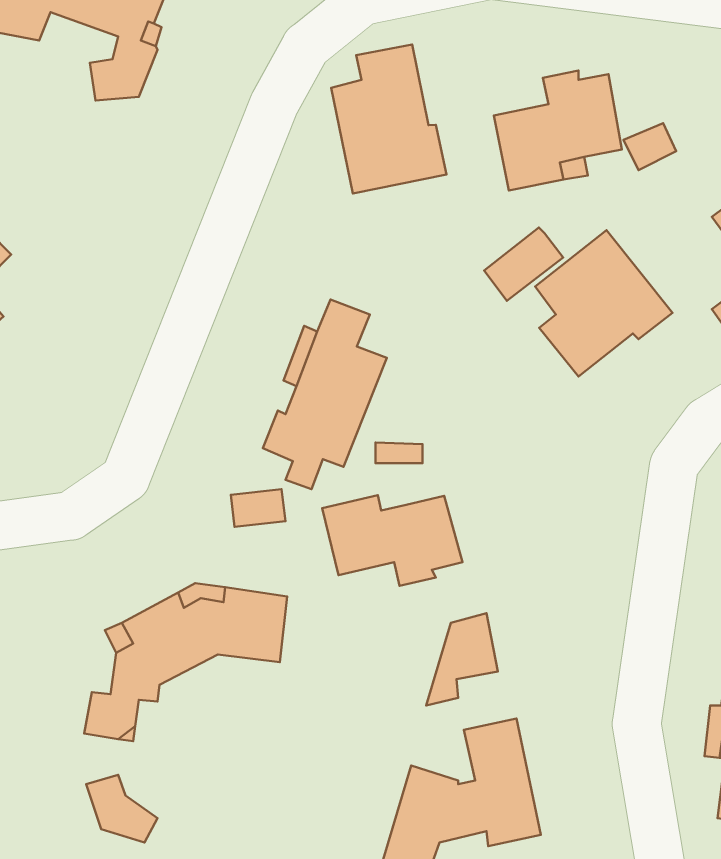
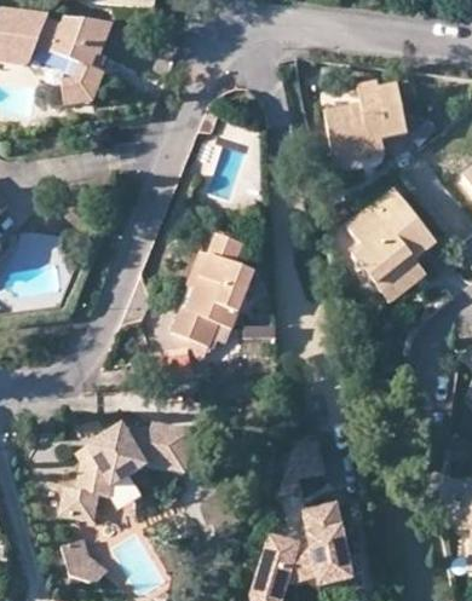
building: [331,44,446,193] -> none
building: [484,227,563,301] -> [376,254,427,301]
building: [322,495,462,586] -> none

